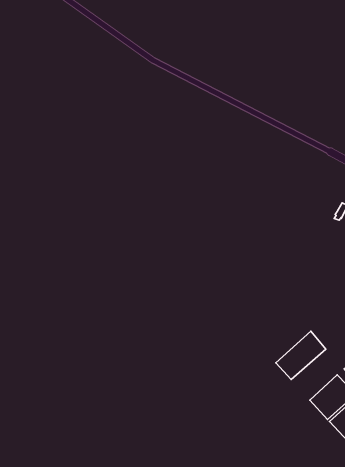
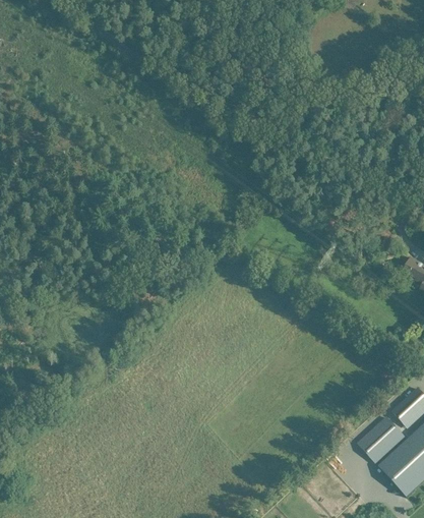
building: [276,331,326,380] -> none

